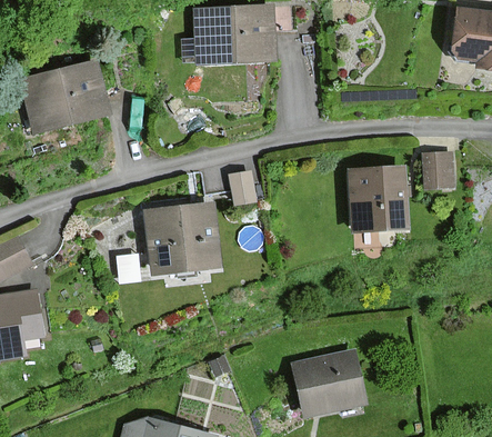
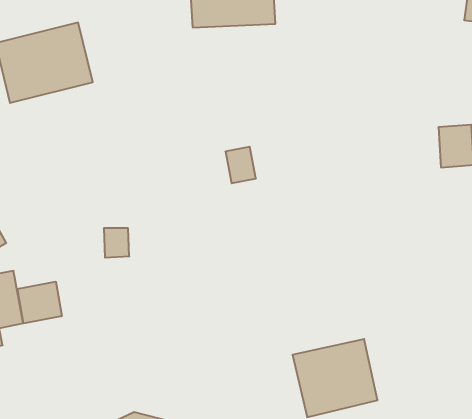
building: [348,167,411,234] -> none
building: [144,202,221,275] -> none
building: none -> [17,282,62,323]

